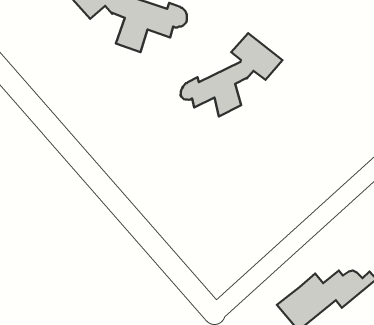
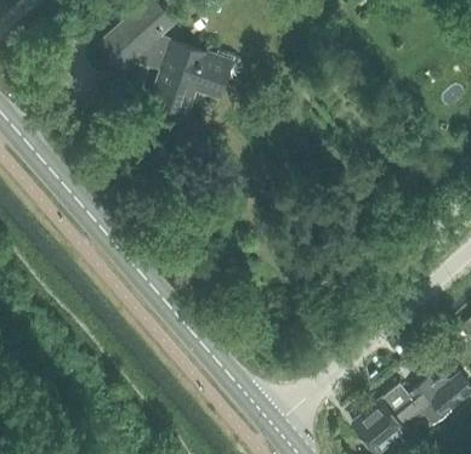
building: [181,33,283,116] -> none

